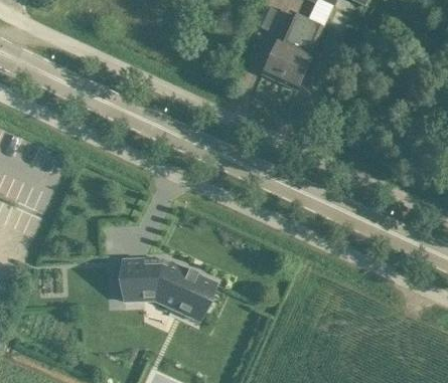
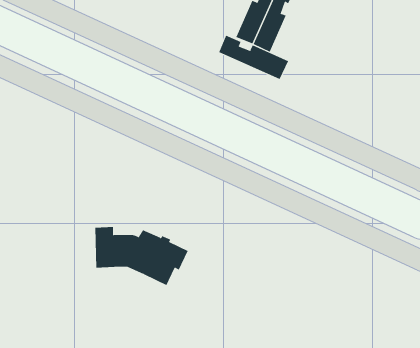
building: none -> [219,35,289,80]

